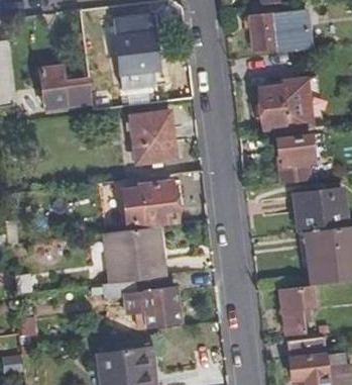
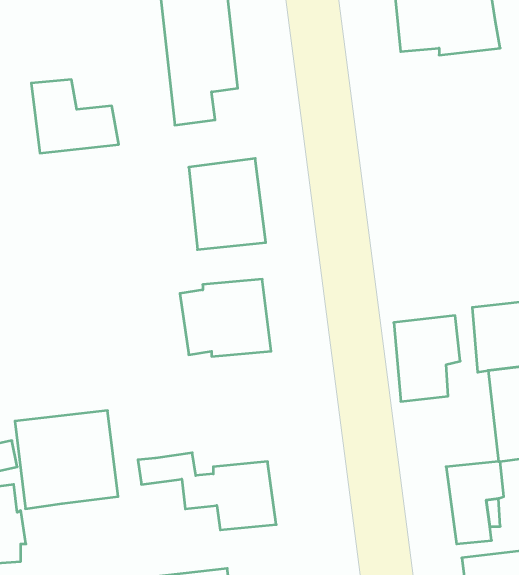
building: [258,83,313,131] -> none
building: [276,133,315,183] -> [394,316,460,401]
building: [106,226,165,283] -> [15,411,118,509]

